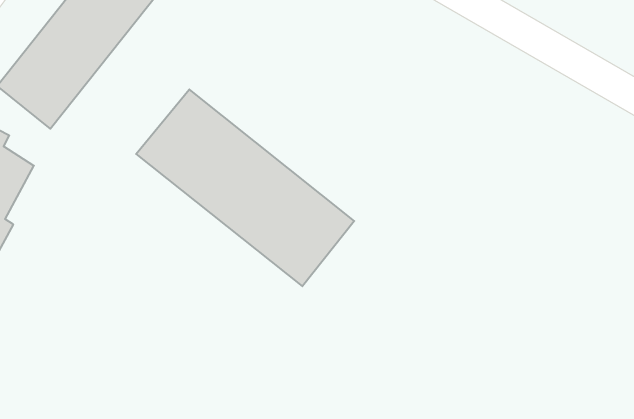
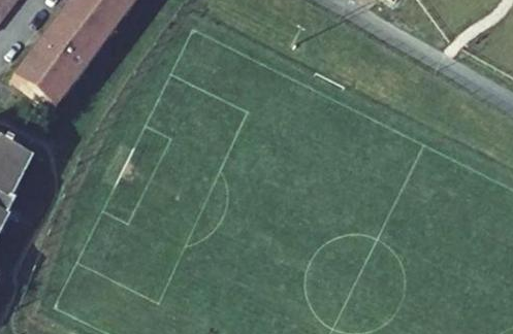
building: [136,89,354,286] -> none

